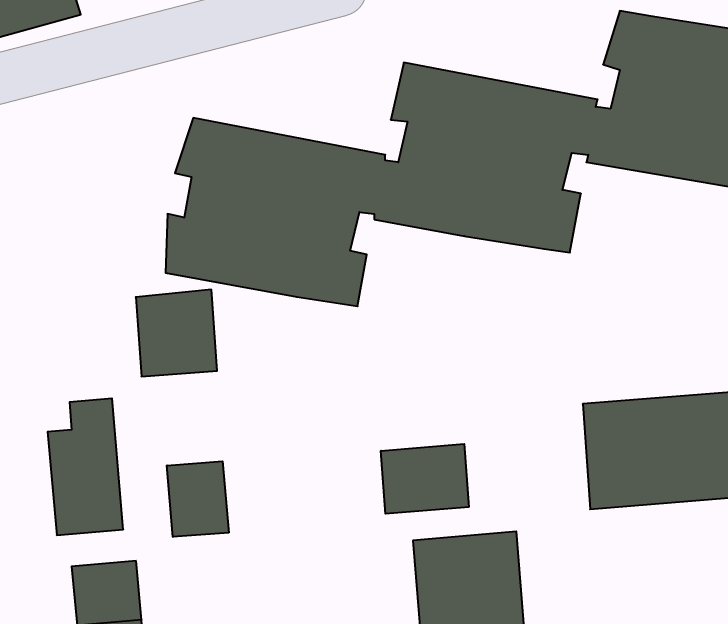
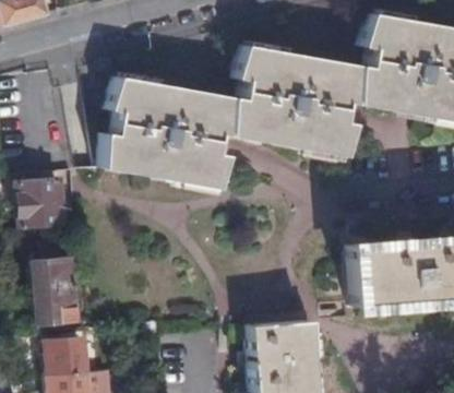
building: [136,290,217,376] -> [16,178,64,229]
building: [381,444,469,514] -> none
building: [167,461,229,537] -> none

